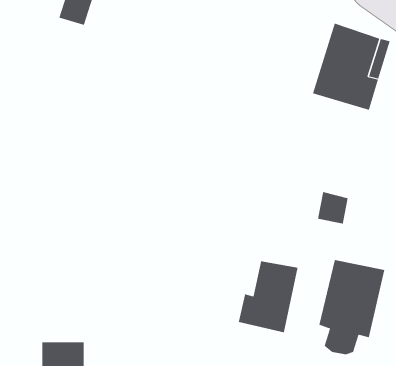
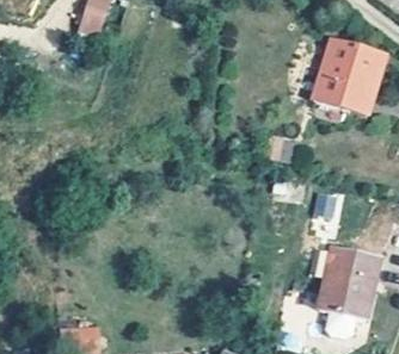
building: [238,260,298,333] -> none

